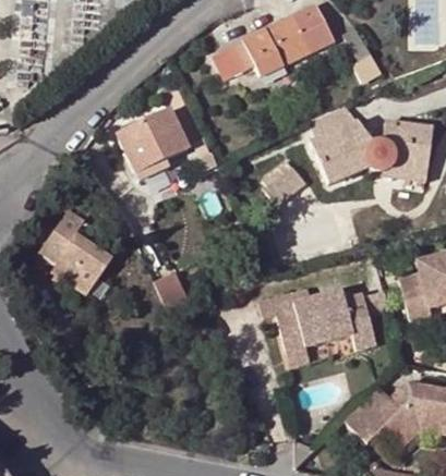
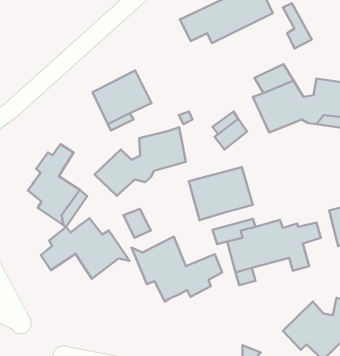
building: none -> [94,127,186,196]
building: none -> [189,167,253,220]
building: none -> [41,218,129,279]
building: none -> [131,236,222,301]

